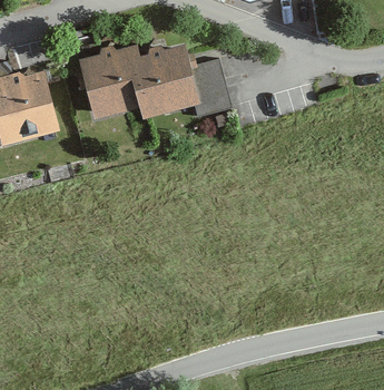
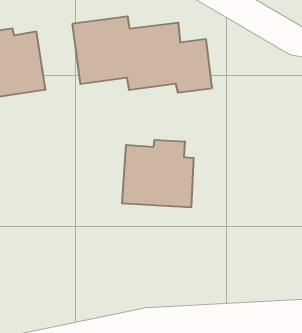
building: none -> [122,140,194,207]

